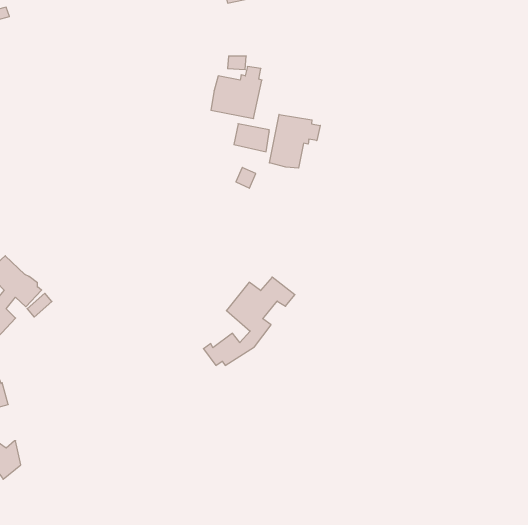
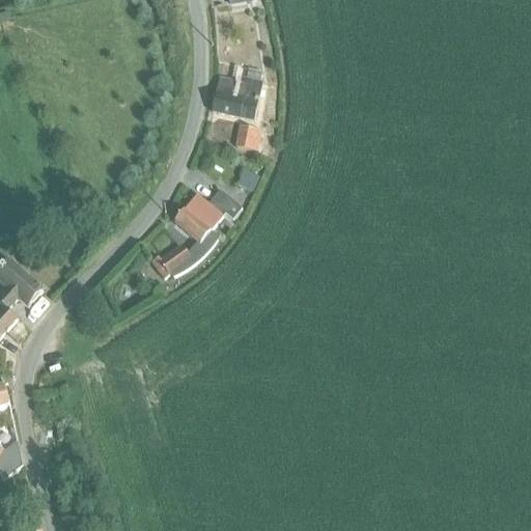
building: [269,114,320,168] -> none
building: [203,277,295,365] -> [149,188,241,276]

